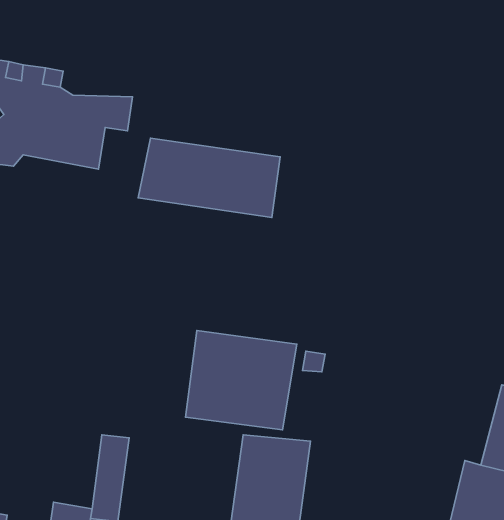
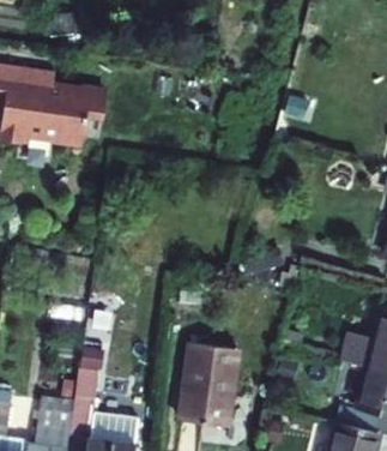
building: [138,138,280,218] -> none
building: [185,330,297,430] -> none

